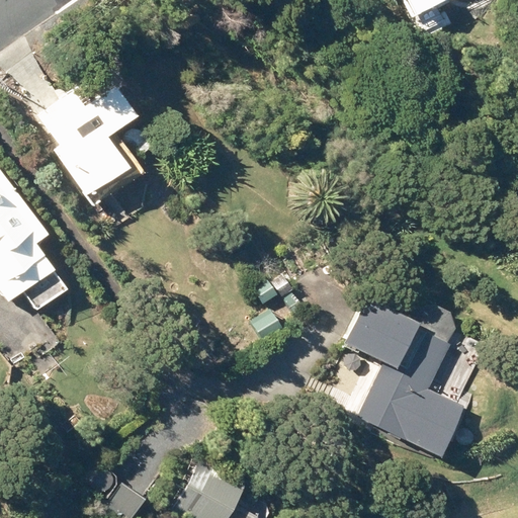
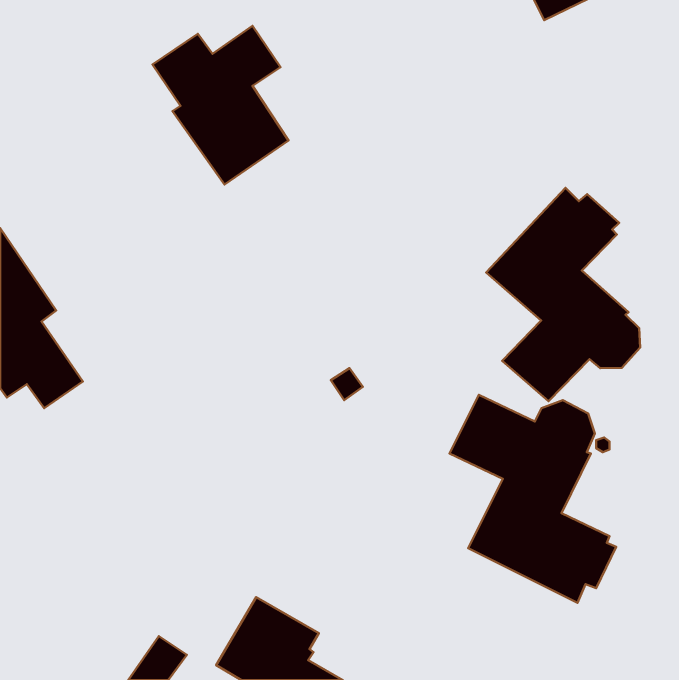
building: [37,86,141,206] -> [152,26,288,185]
building: none -> [486,188,640,401]

